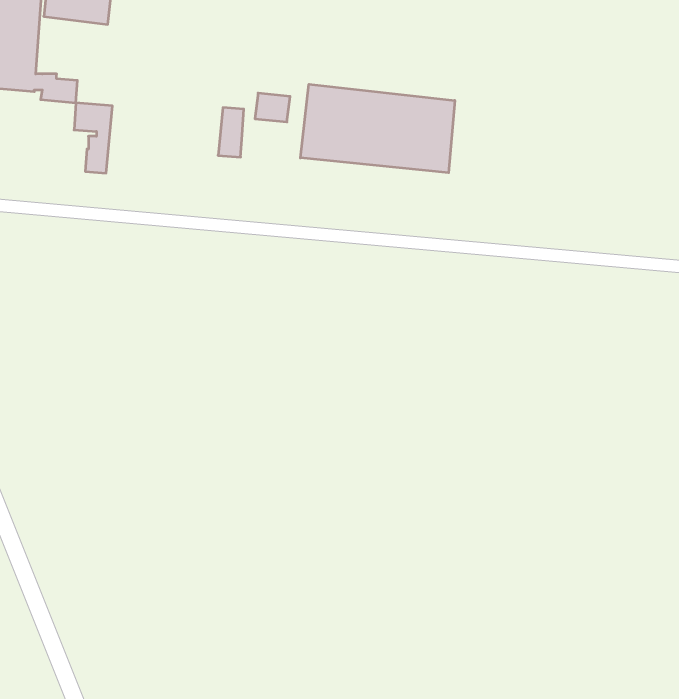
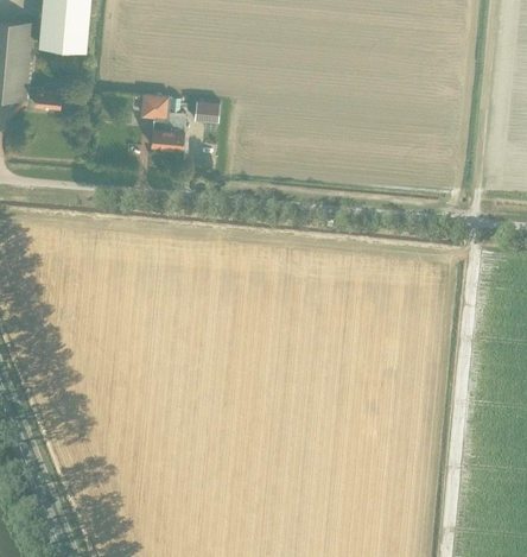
building: [300,84,455,173] -> none
building: [74,103,112,173] -> [141,97,170,150]

